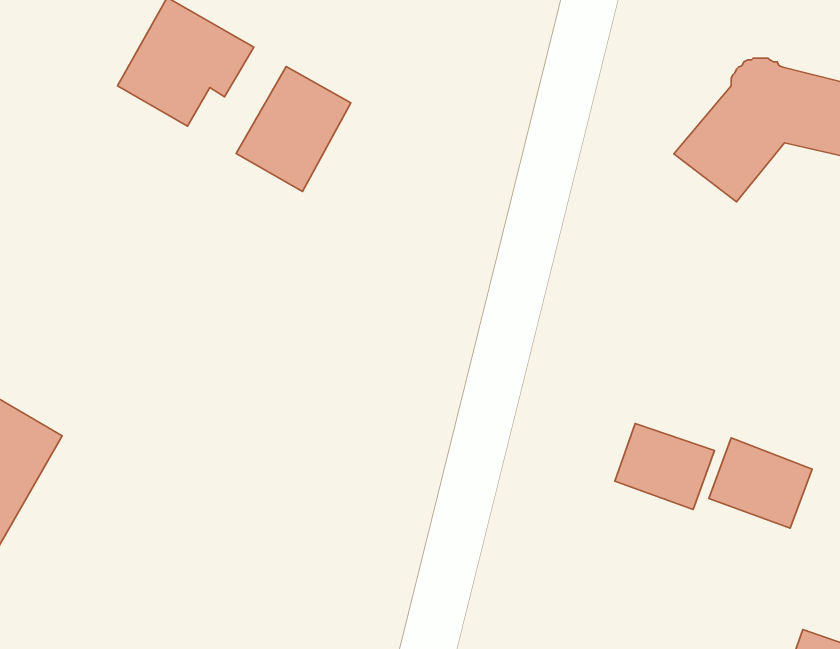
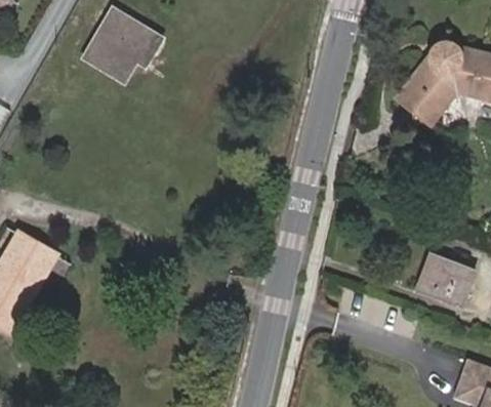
building: [236,67,351,191] -> none
building: [615,424,715,510] -> none

